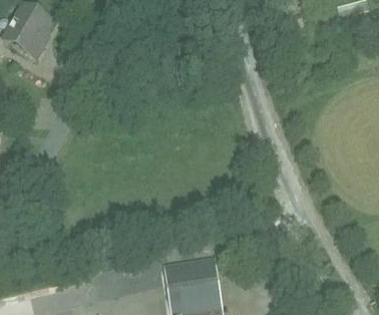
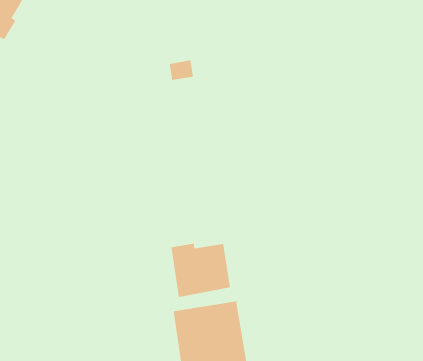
building: none -> [171,243,231,298]

